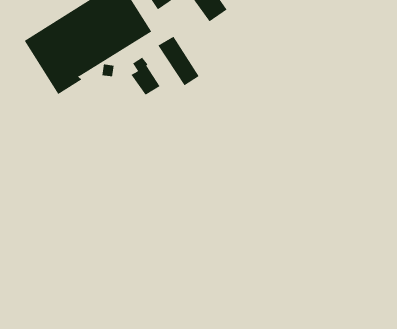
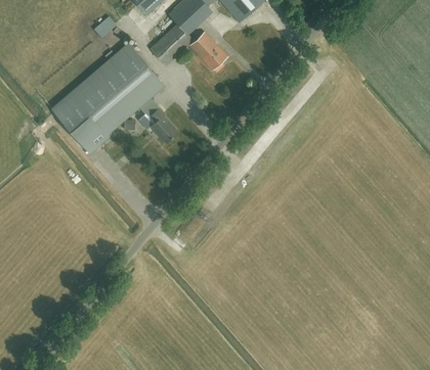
building: [158,36,199,86] -> none

